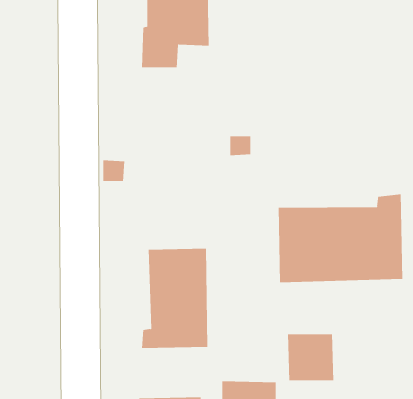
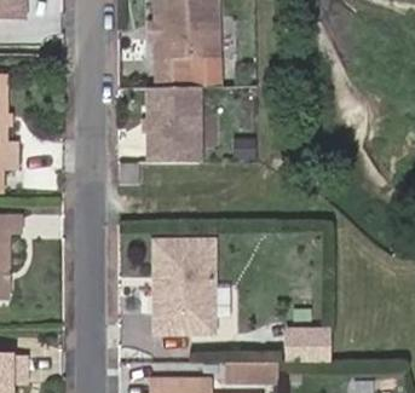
building: none -> [149,87,200,163]
building: [278,193,403,283] -> none

